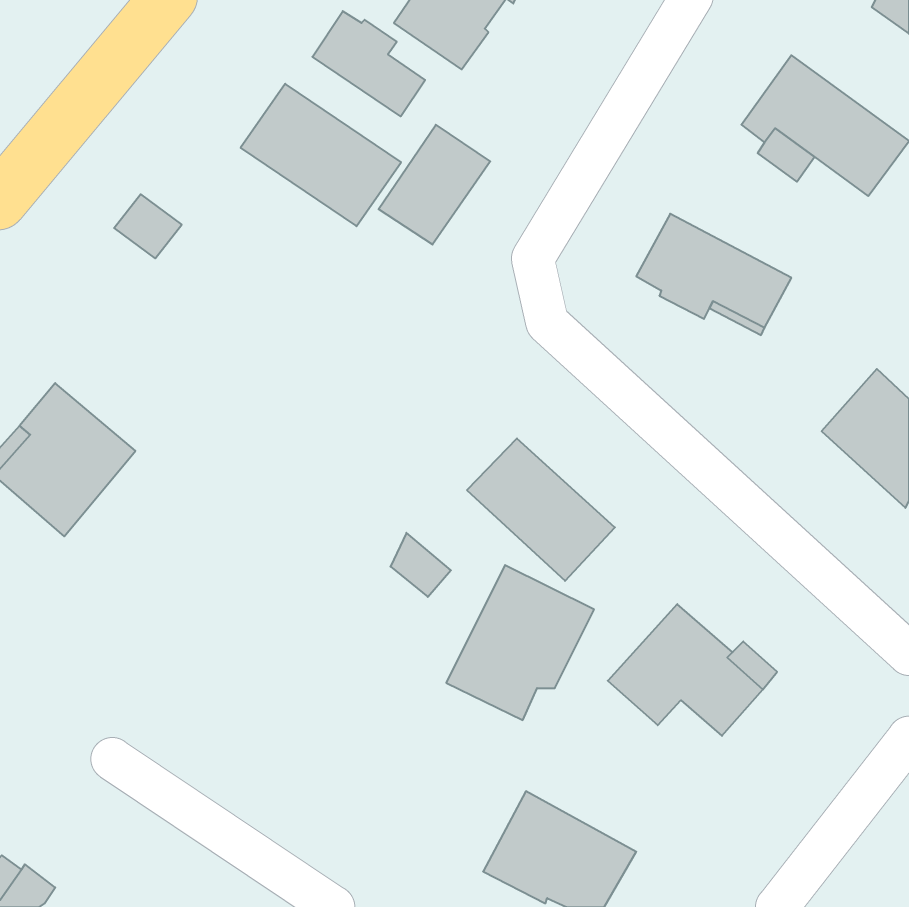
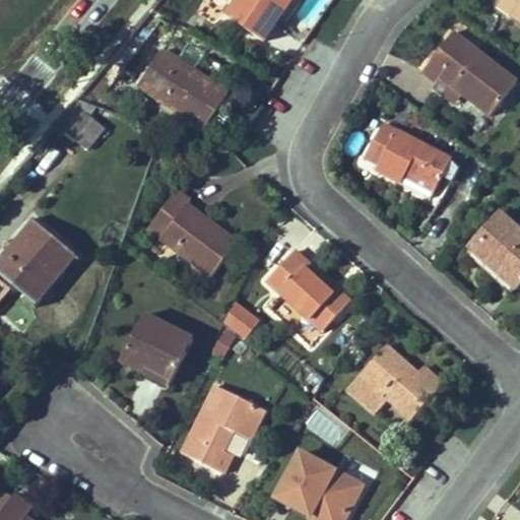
building: [312,11,425,116] -> none
building: [379,125,490,245] -> none
building: none -> [145,188,237,276]
building: none -> [120,313,193,380]
building: [446,565,594,720] -> [181,385,265,473]

